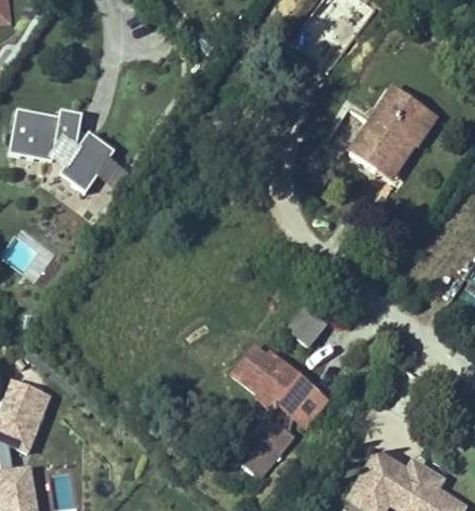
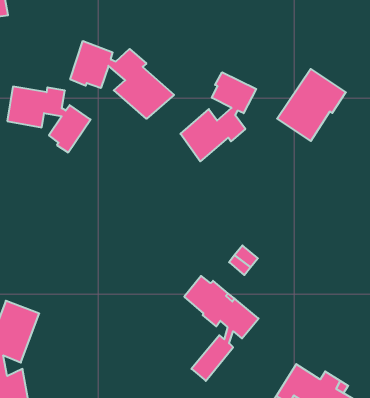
building: none -> [70,41,174,119]
building: none -> [180,72,256,161]

